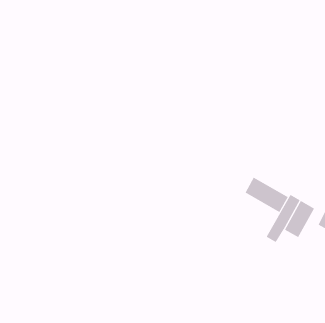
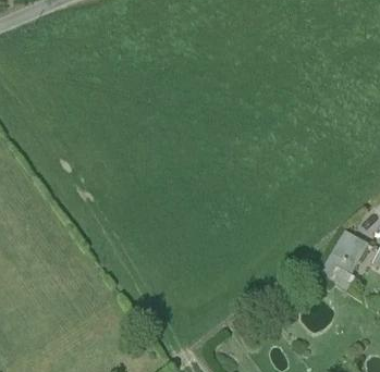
building: [245,177,288,213] -> none

